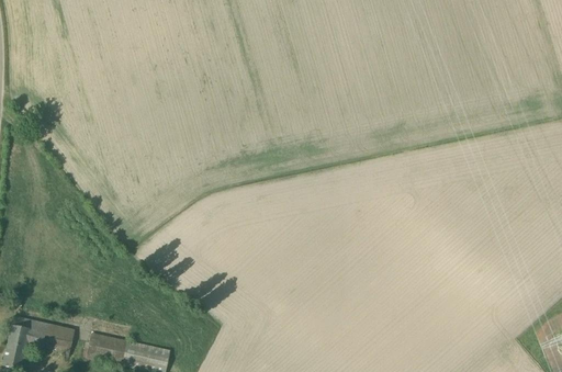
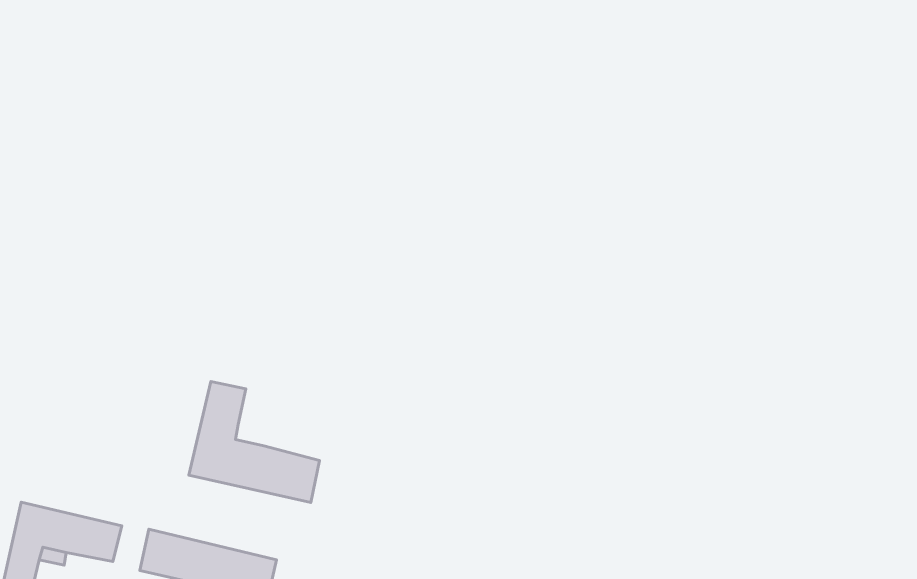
building: none -> [189,382,320,503]

